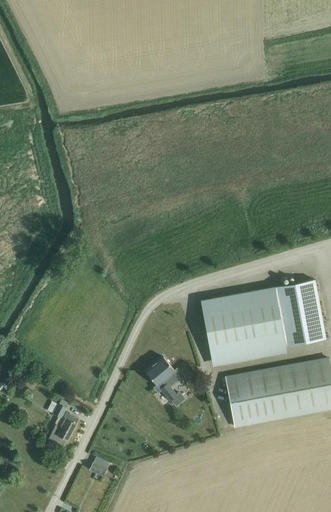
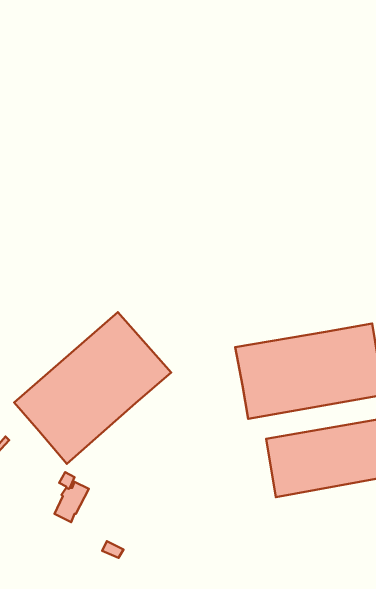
building: none -> [14,312,171,464]
building: [145,357,182,402] -> none

